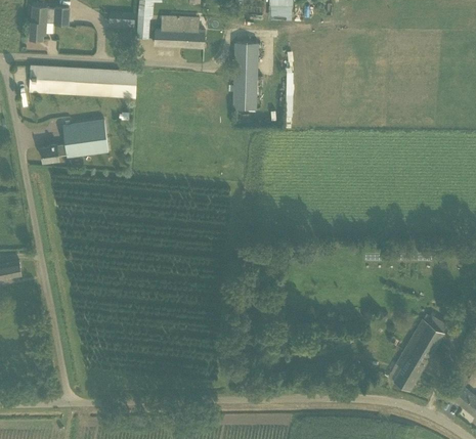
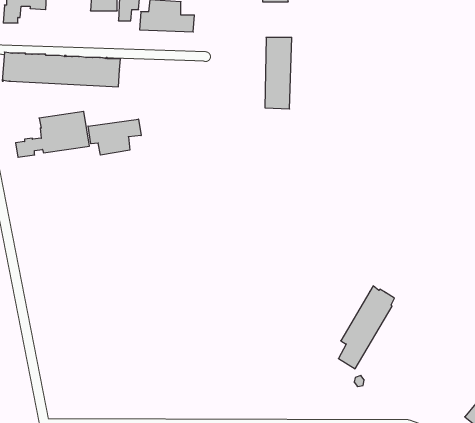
building: [233,41,258,106] -> [265,37,292,109]
building: none -> [88,119,141,155]
building: [394,312,445,388] -> [338,286,394,369]

